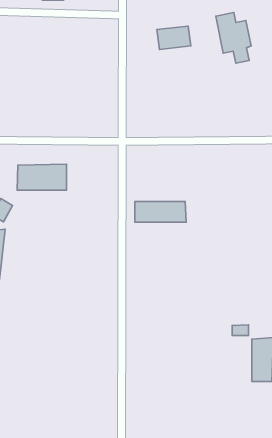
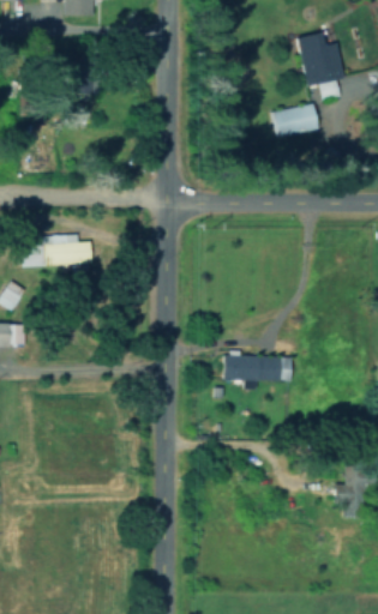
building: [157,26,191,49] -> [271,106,317,137]
building: [135,201,186,222] -> [221,351,289,379]

